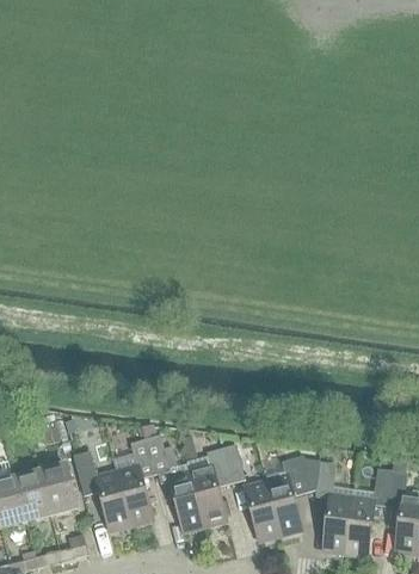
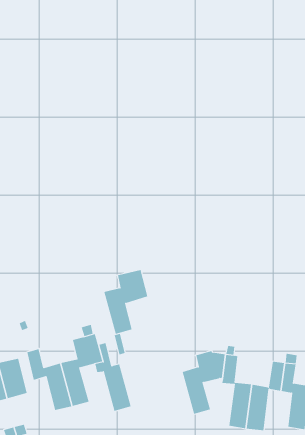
building: [189,445,244,525] -> [103,269,148,334]
building: [244,482,279,541] -> none

